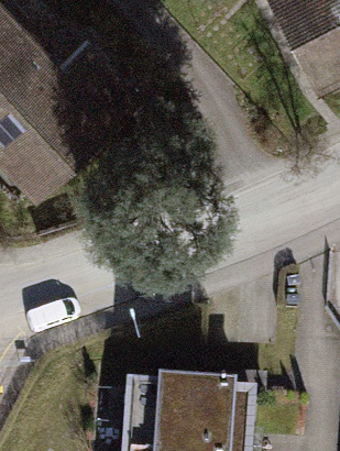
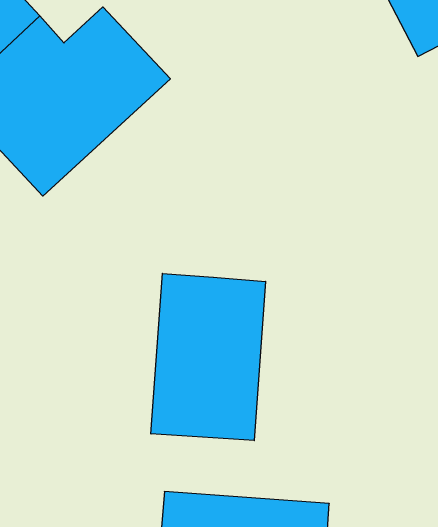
building: none -> [151,273,266,441]

